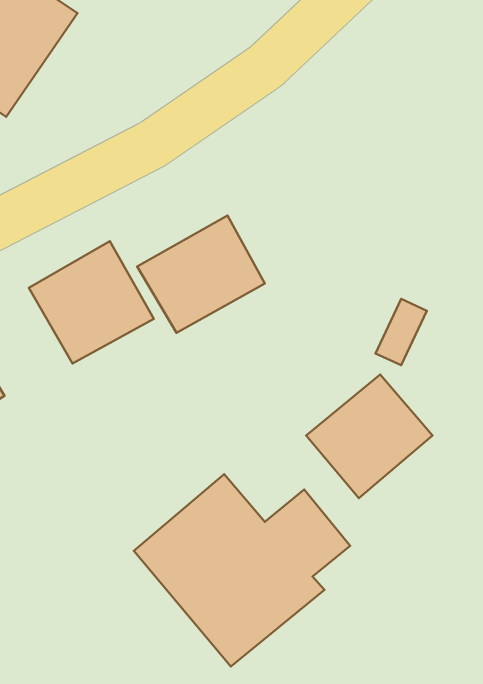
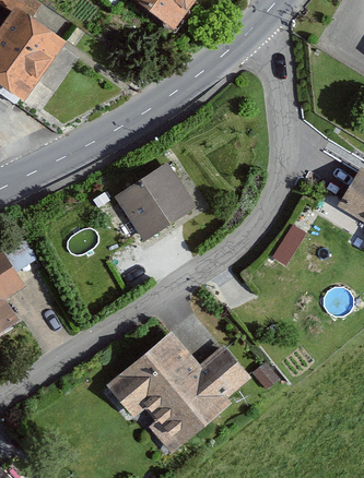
building: [29,241,154,364] -> none
building: [306,375,433,498] -> none

